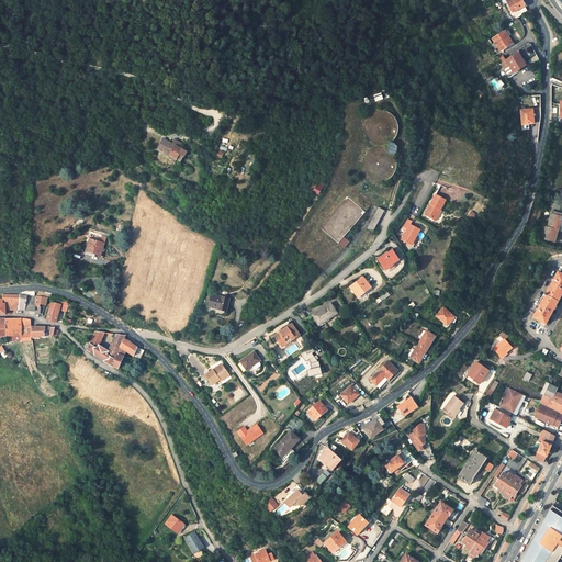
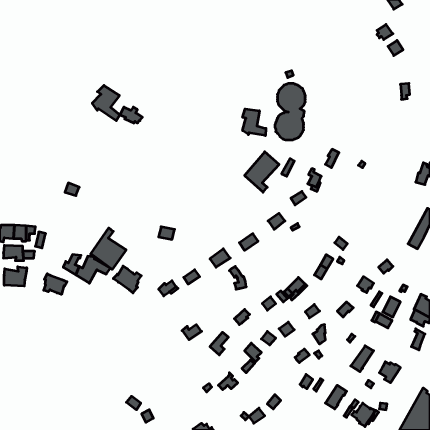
building: none -> [92,85,120,121]
building: none -> [243,109,266,136]
building: none -> [91,228,126,269]
building: none -> [113,266,141,293]
building: none -> [4,267,27,286]
building: none -> [44,274,67,294]

